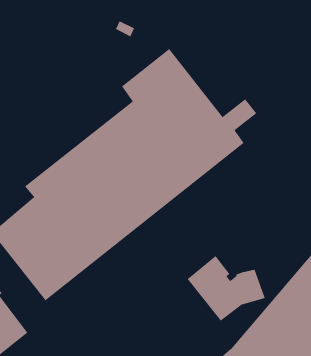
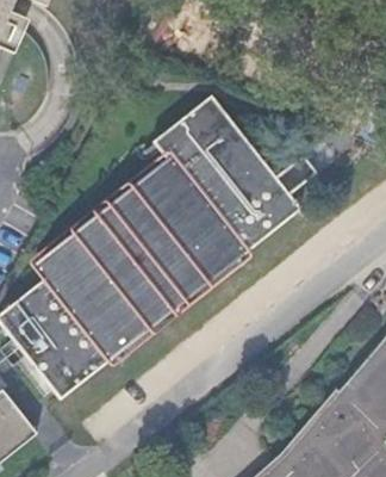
building: [187,255,265,322] -> none

